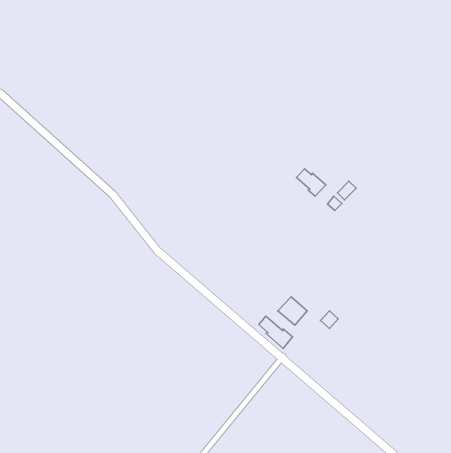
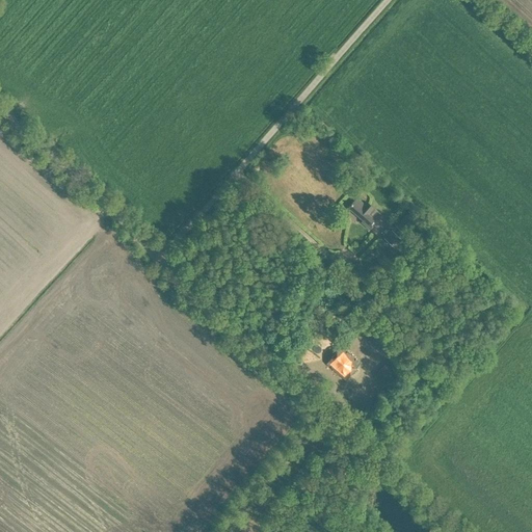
building: [259,316,292,348] -> none

